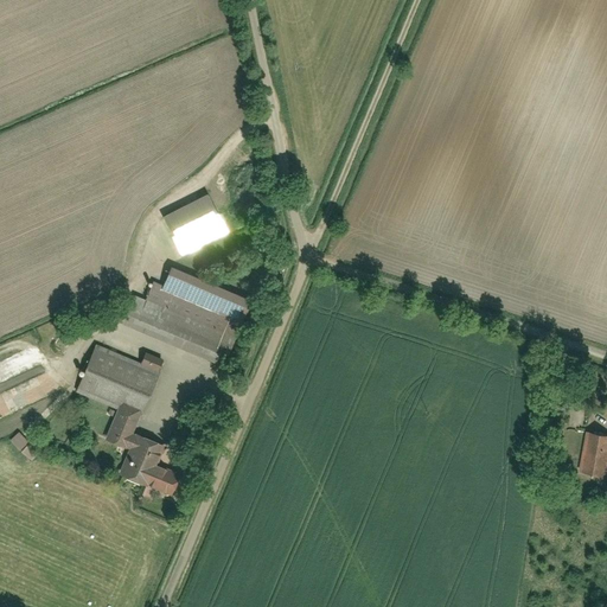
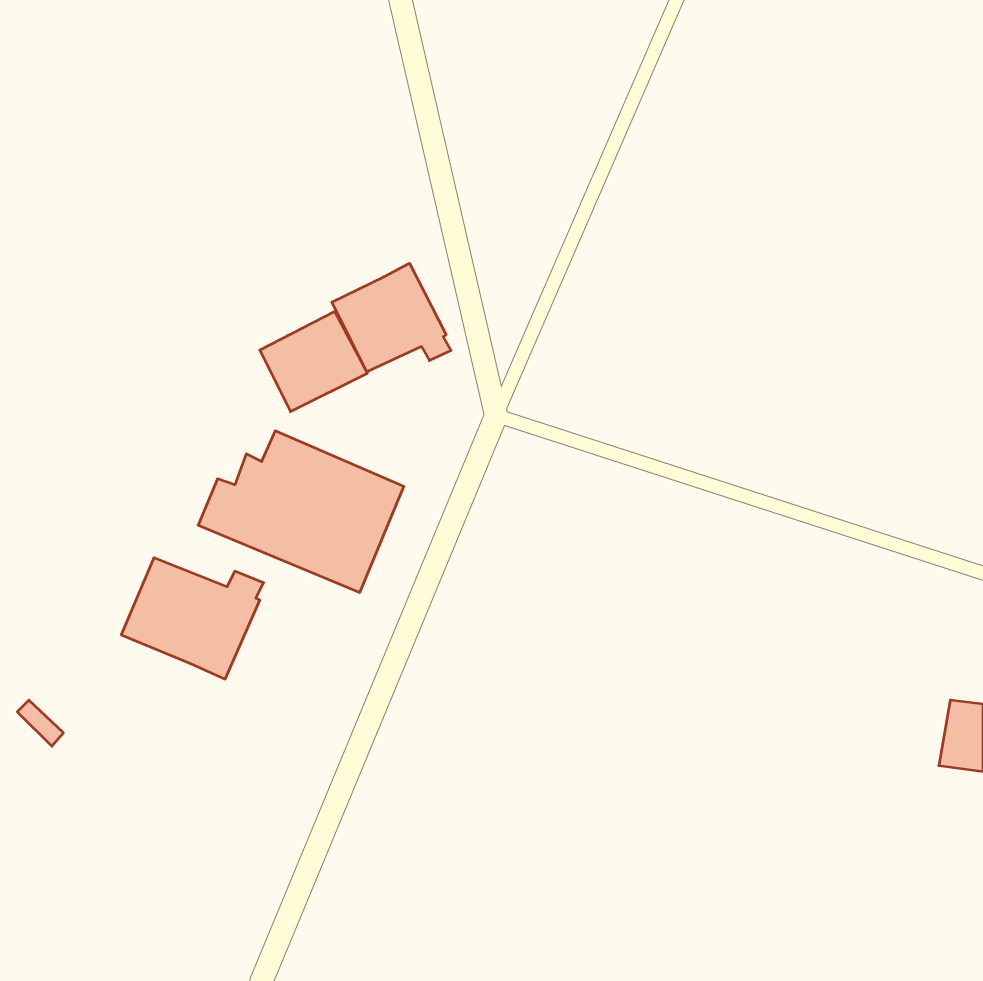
building: none -> [332,263,451,372]
building: [104,409,180,496] -> none

